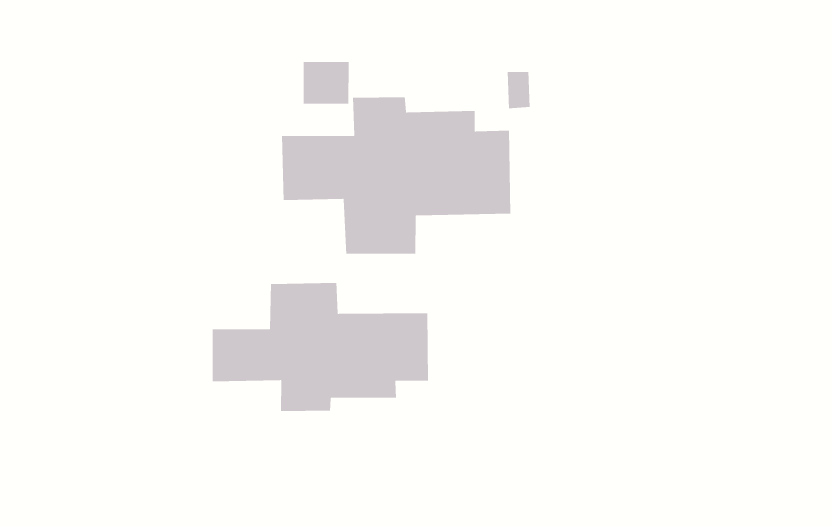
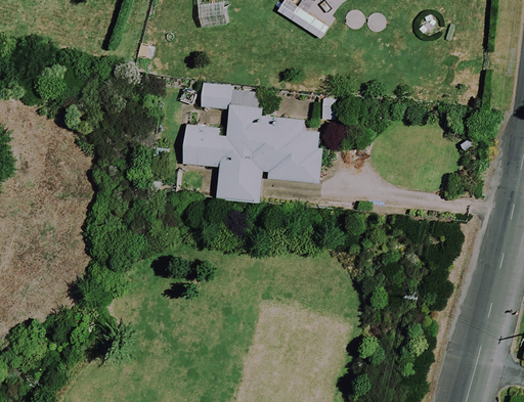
building: [212,282,429,412] -> none

